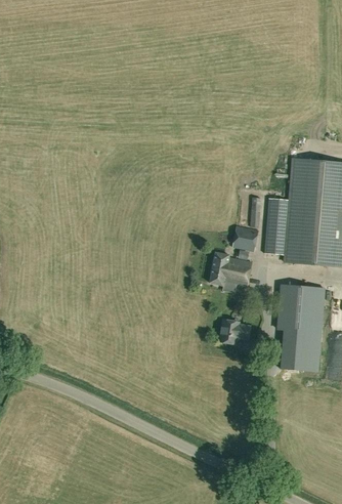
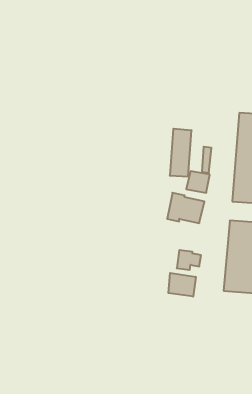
building: [264,198,290,254] -> [170,129,192,176]
building: none -> [168,273,196,297]

